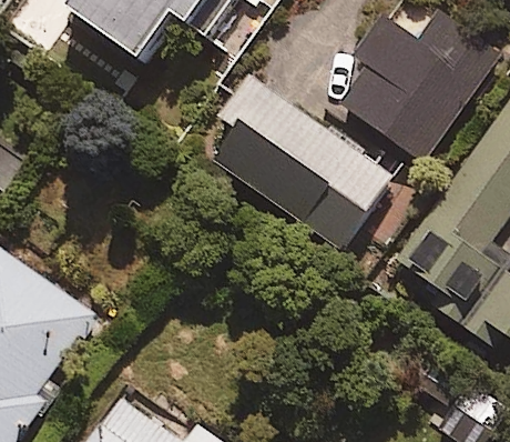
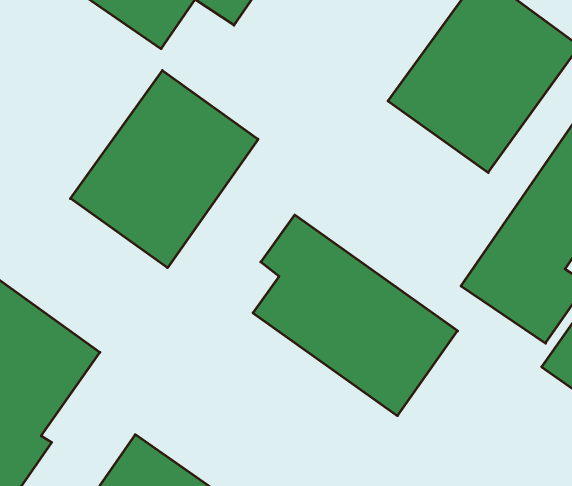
building: none -> [70,70,258,268]
building: [217,79,391,250] -> [253,215,458,416]

